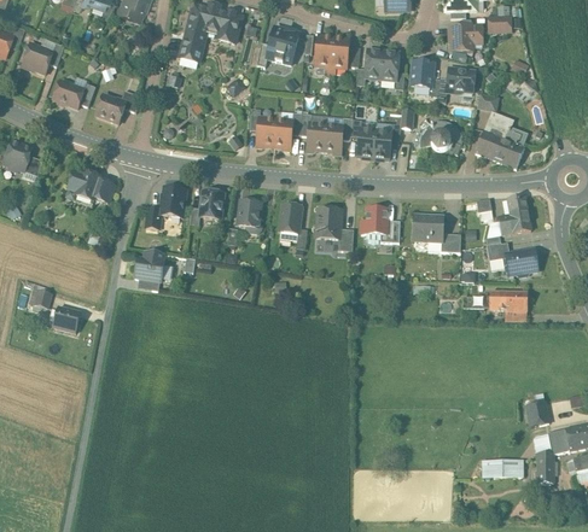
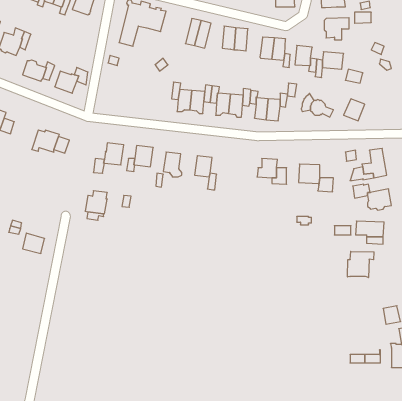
building: [484,119,525,169] -> none
building: [316,209,354,251] -> none
building: none -> [348,251,374,278]

